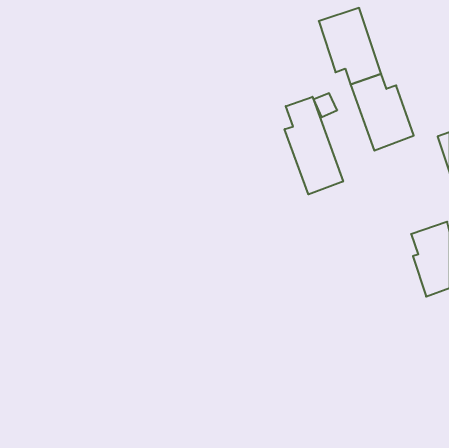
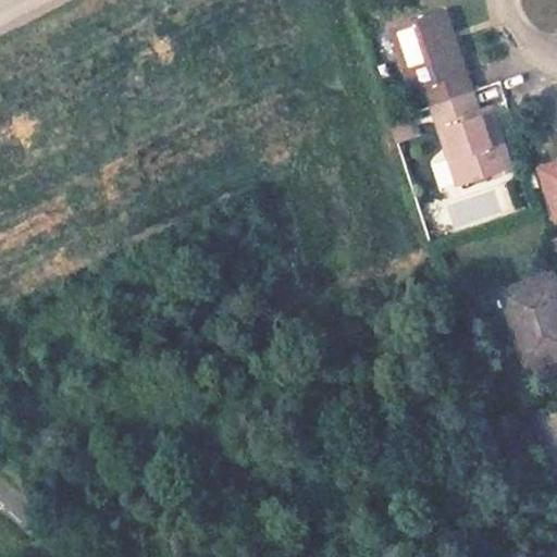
building: [285,97,343,194] -> none

